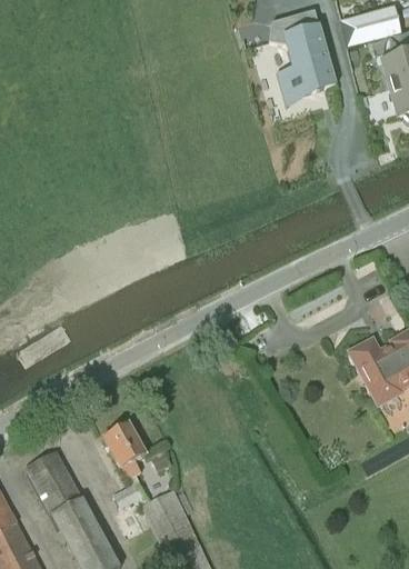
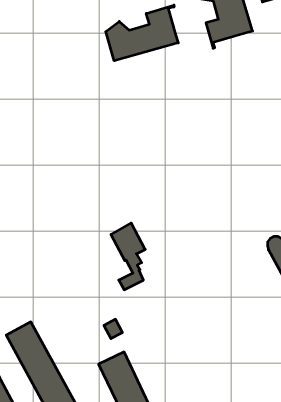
building: none -> [106,5,178,61]
building: [103,422,147,507] -> [111,223,145,290]

